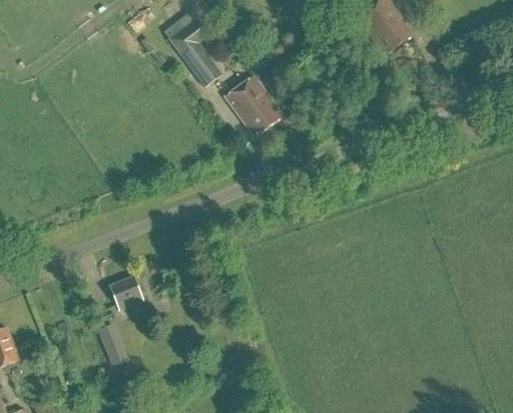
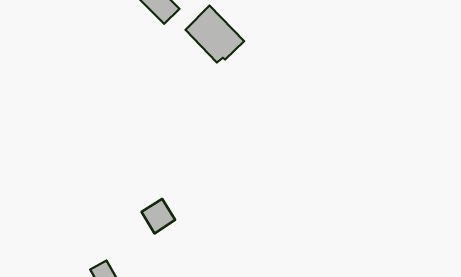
building: [110,278,143,312] -> [142,199,175,233]

